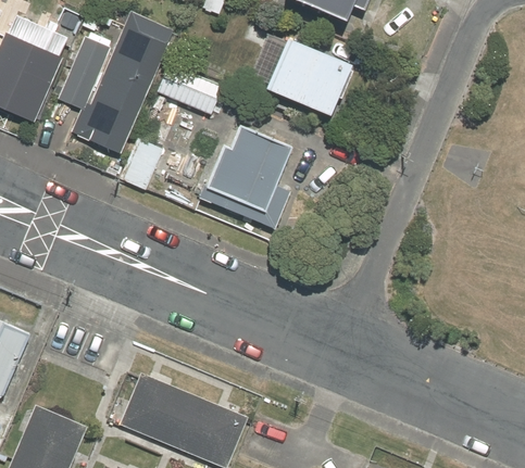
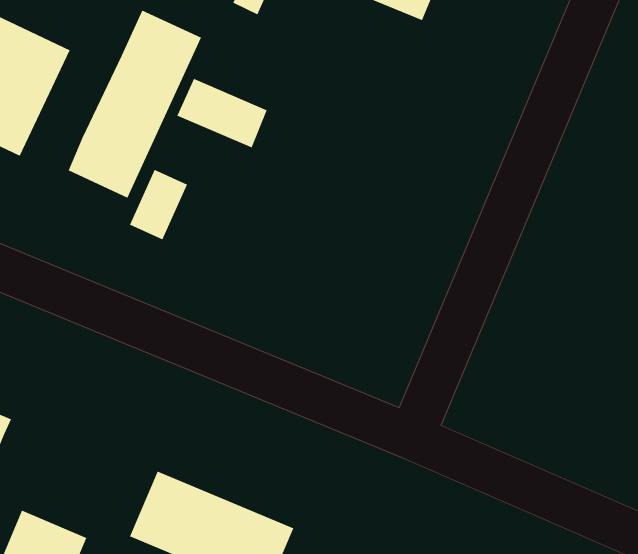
building: [54,37,112,114] -> none
building: [263,46,354,128] -> none
building: [203,124,292,219] -> none

